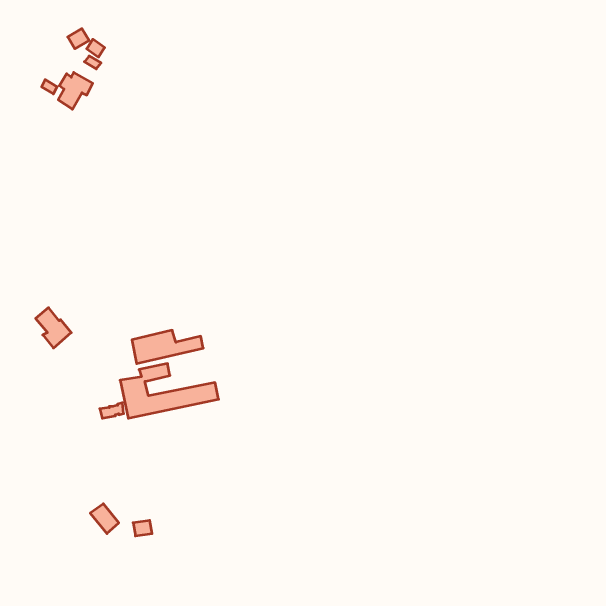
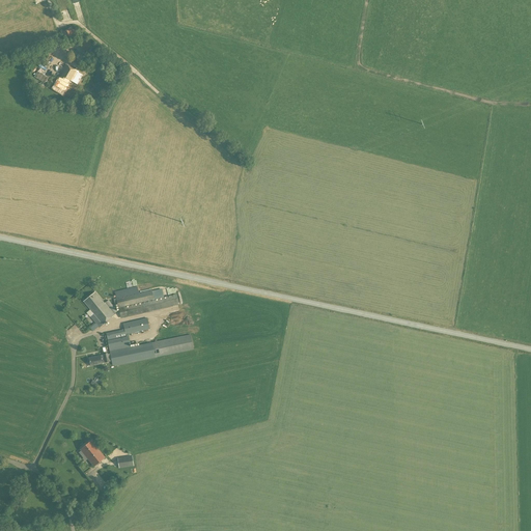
building: [36,308,71,348] -> [83,291,114,327]

